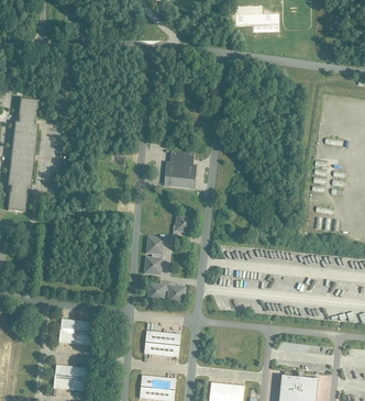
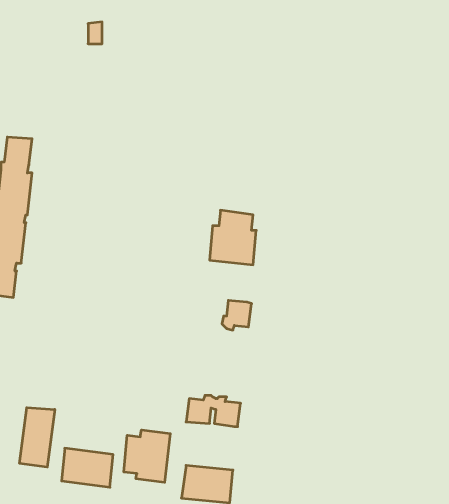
building: [143,236,166,275] -> none
building: none -> [20,408,55,467]
building: none -> [124,430,170,482]

